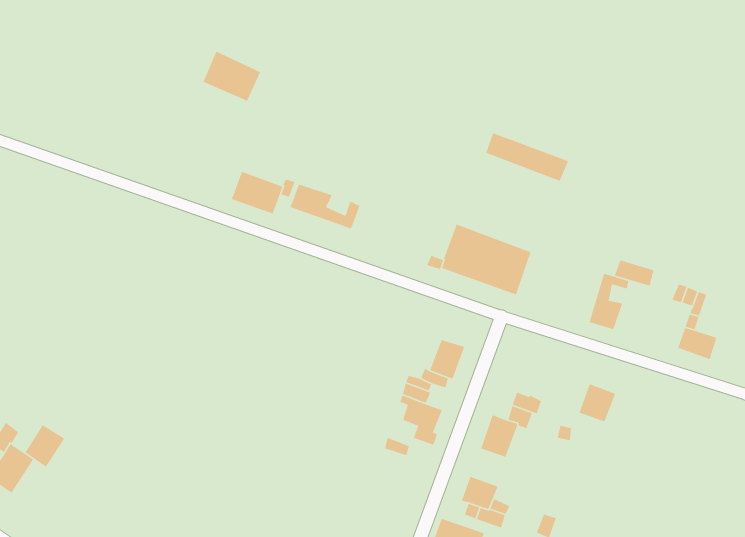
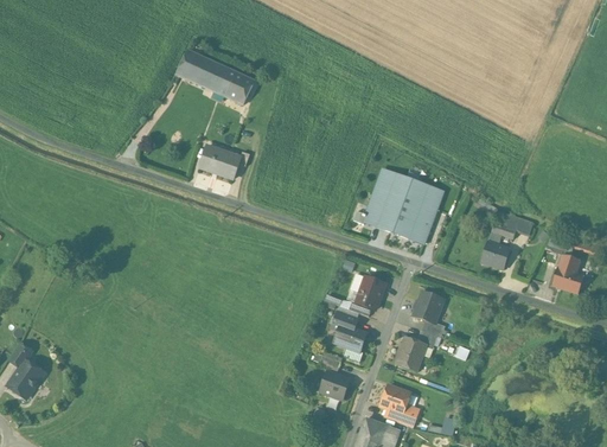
building: none -> [212,65,255,104]
building: [485,132,569,182] -> [377,168,443,207]
building: [290,183,360,230] -> none
building: [579,383,616,422] -> [414,290,443,321]
building: [25,424,65,468] -> none
building: none -> [320,370,350,398]

